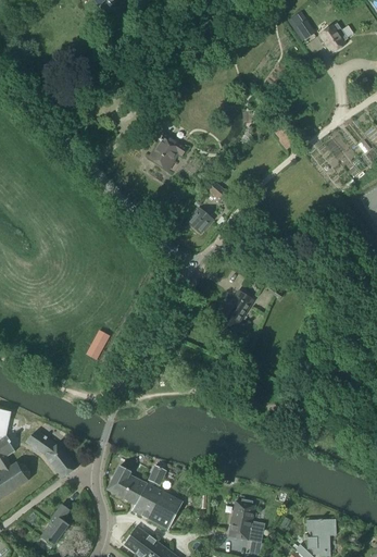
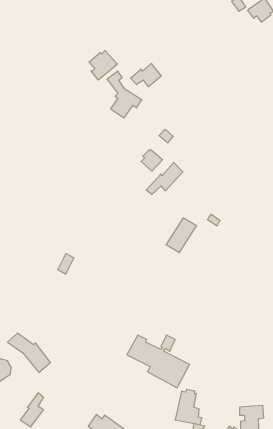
building: none -> [89,50,118,80]
building: none -> [131,63,161,87]
building: none -> [146,162,183,195]
building: [106,466,183,530] -> [127,335,190,388]

